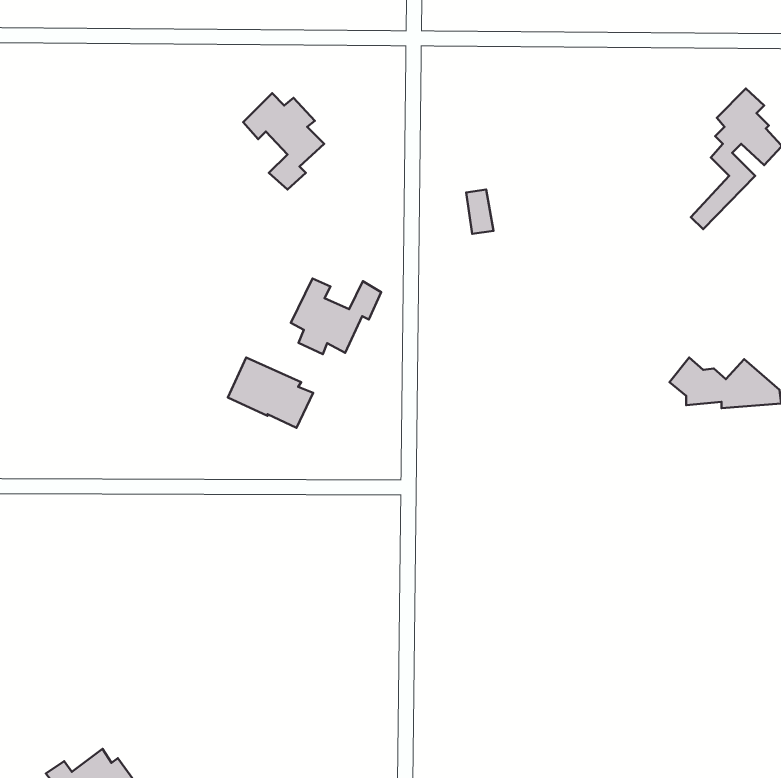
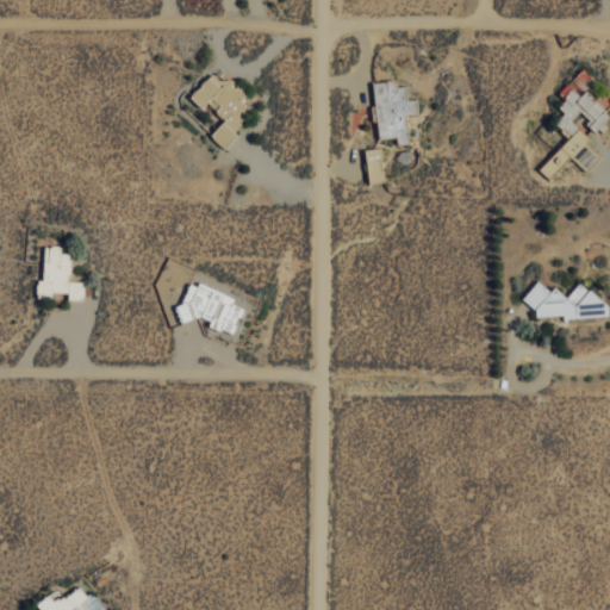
building: none -> [371,82,418,147]
building: [291,279,381,354] -> none
building: none -> [36,247,83,301]

